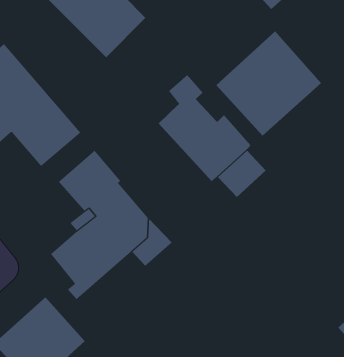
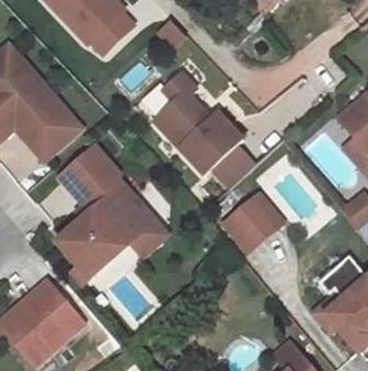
building: [216,30,322,137] -> none
building: none -> [223,197,279,251]

